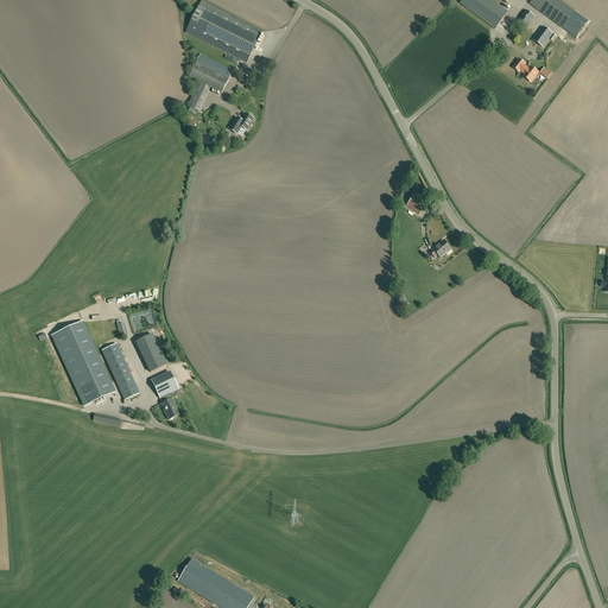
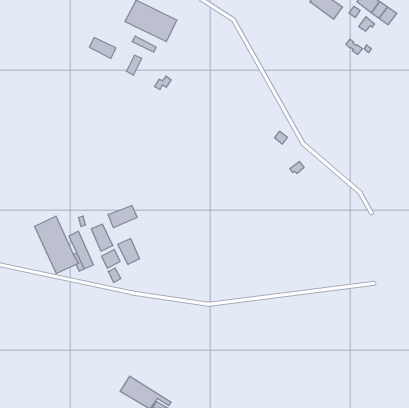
building: [189,62,228,93] -> [89,38,116,58]
building: none -> [108,205,137,228]
building: none -> [118,238,139,265]

